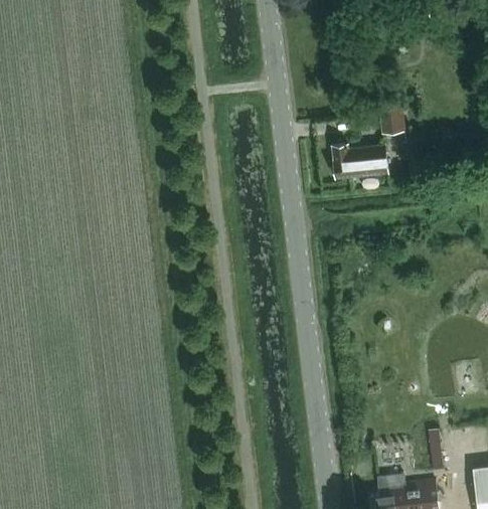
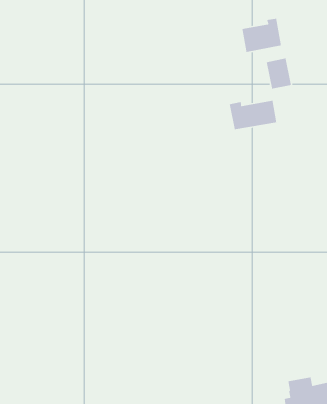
building: none -> [241,18,282,53]

